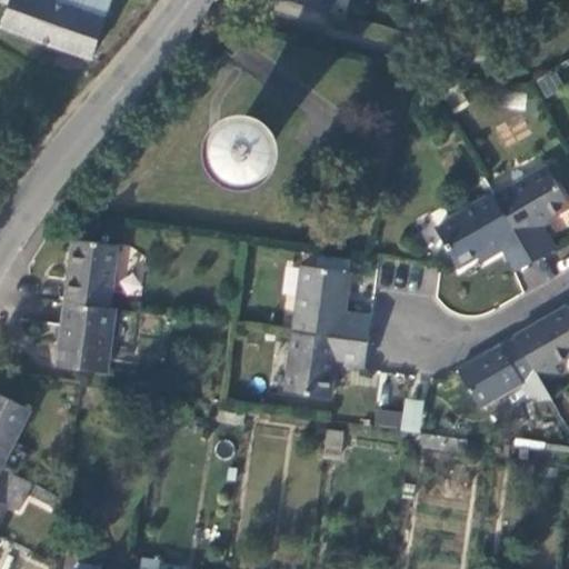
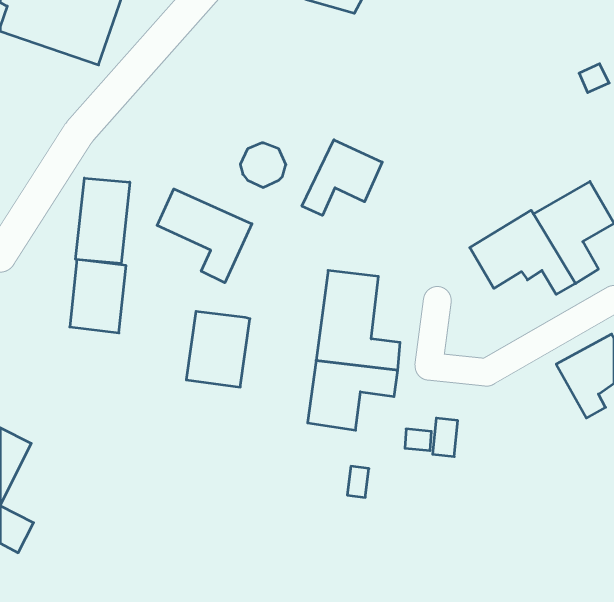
building: none -> [302,140,382,215]
building: none -> [76,178,130,263]
building: none -> [157,189,252,283]
building: [56,302,114,372] -> [186,311,250,387]
building: [457,337,551,411] -> none

